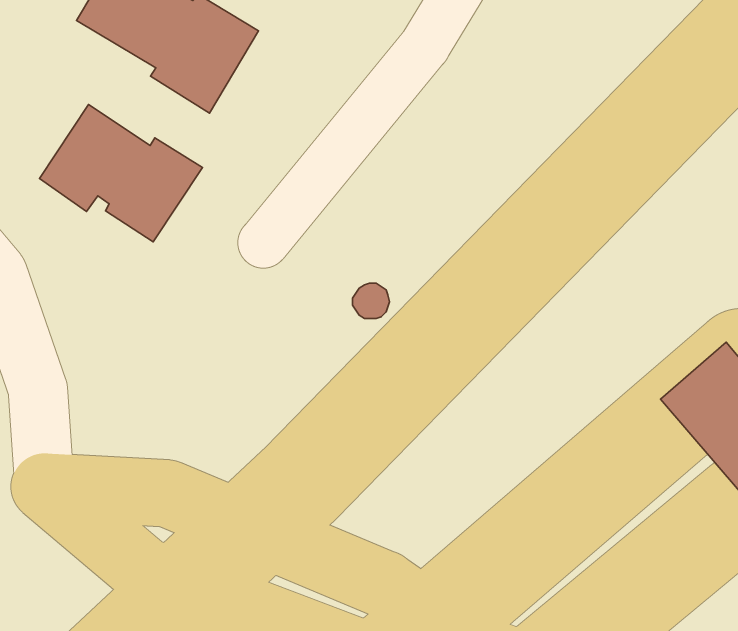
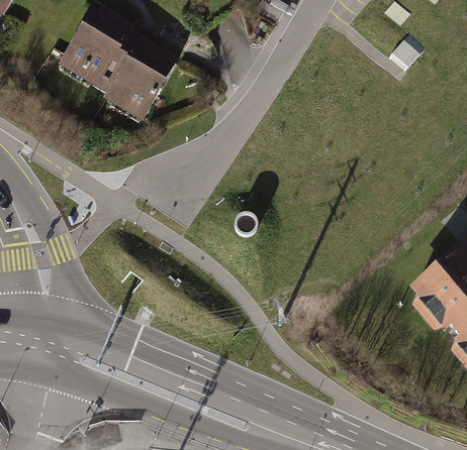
building: [39,104,202,242] -> none

